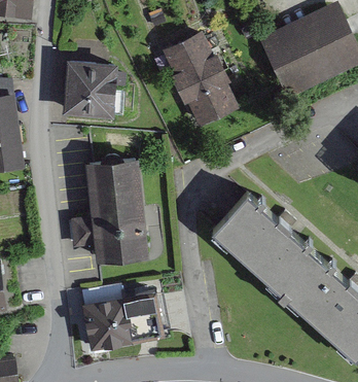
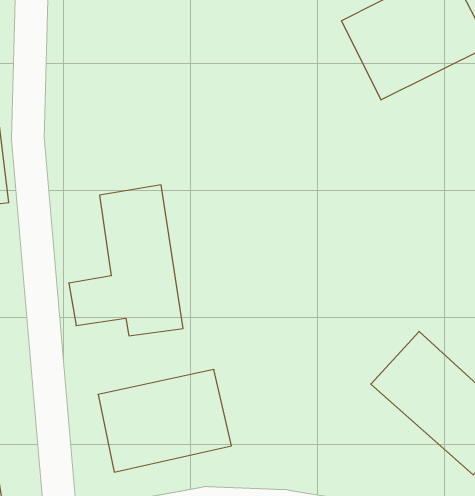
building: [160,36,238,133] -> none
building: [61,61,116,117] -> none
building: [210,196,315,297] -> none

